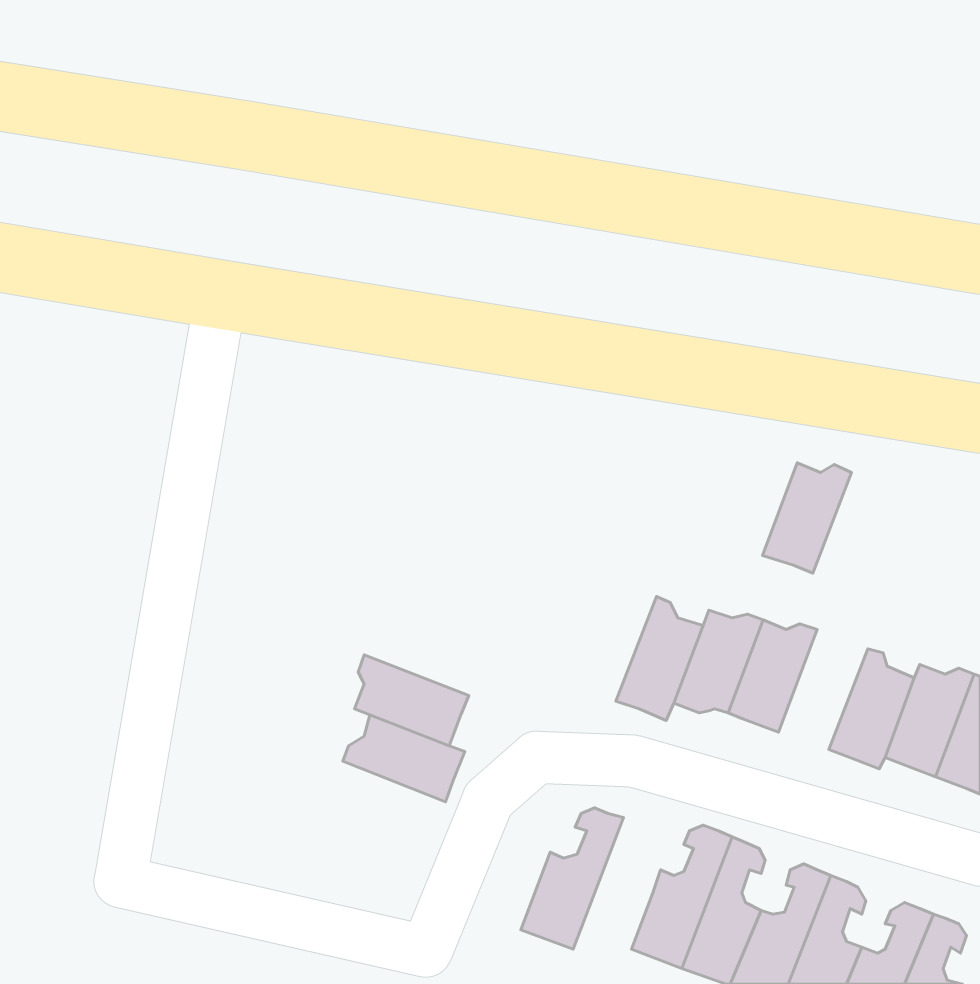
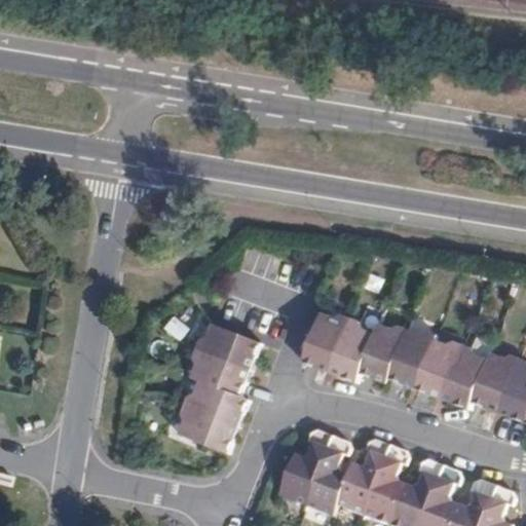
building: [762,463,852,573] -> [413,339,460,398]
building: none -> [300,312,348,372]
building: none -> [193,323,259,369]
building: none -> [177,404,236,453]
building: none -> [304,434,349,514]

